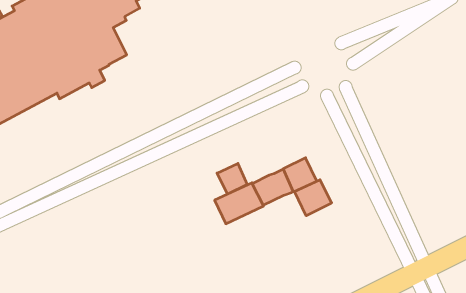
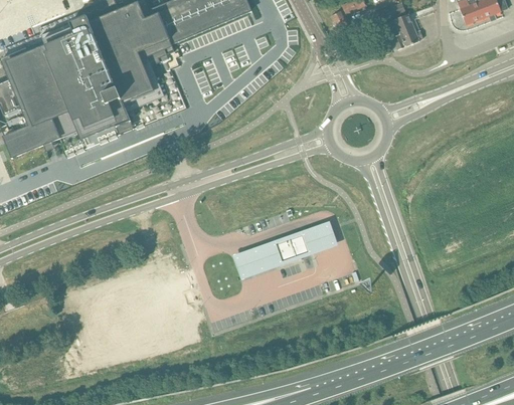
building: [217,163,247,194] -> none
building: [295,180,332,216] -> none

